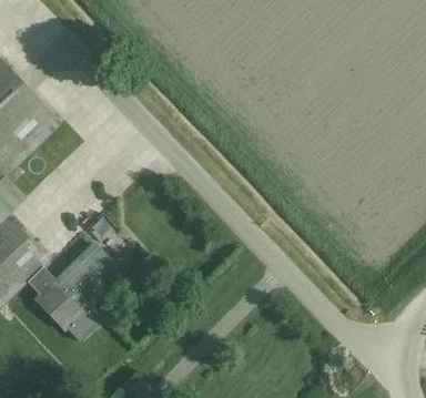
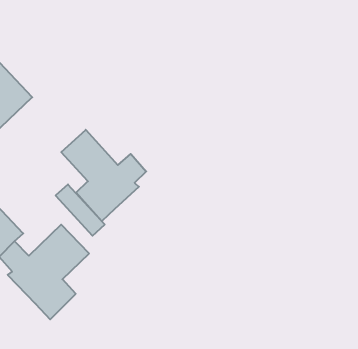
building: none -> [61,130,146,221]

